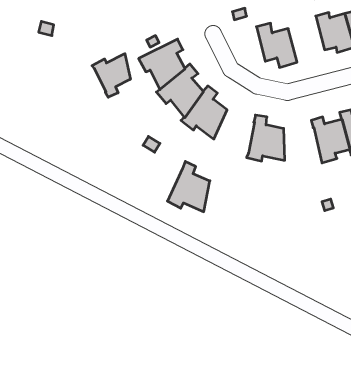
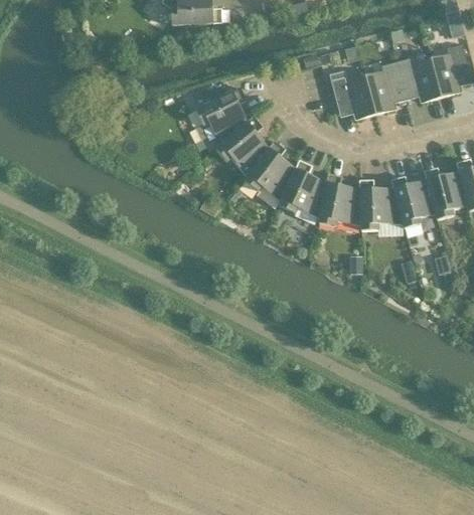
building: none -> [365,61,407,114]
building: [92,54,130,97] -> none
building: none -> [359,180,403,230]
building: [167,161,210,212] -> [279,160,327,217]

